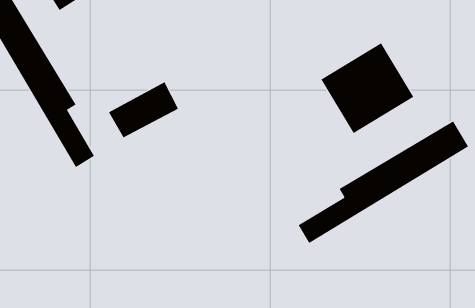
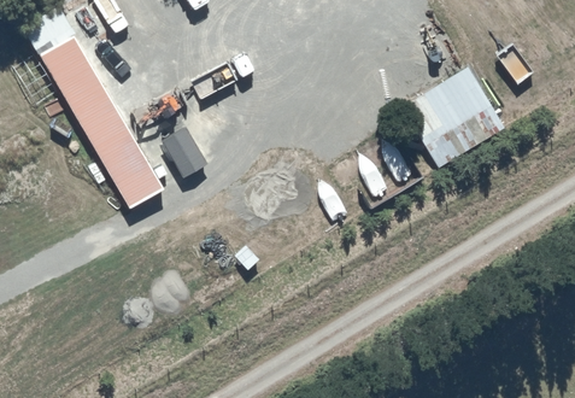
building: [298,121,469,244] -> none

